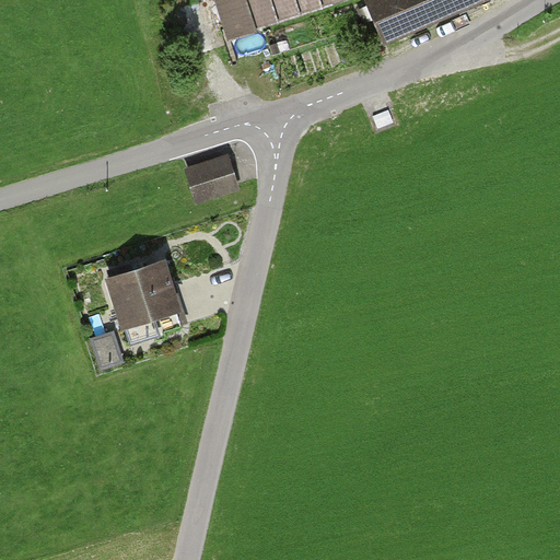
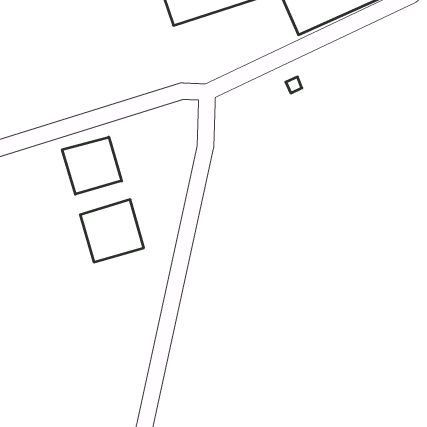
building: [185,155,238,201] -> none
building: none -> [62,137,122,194]

